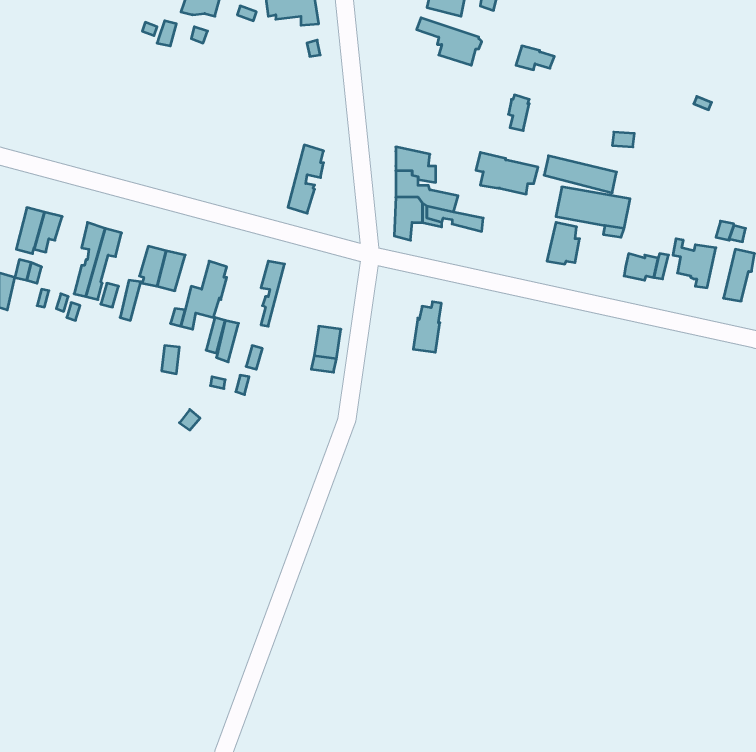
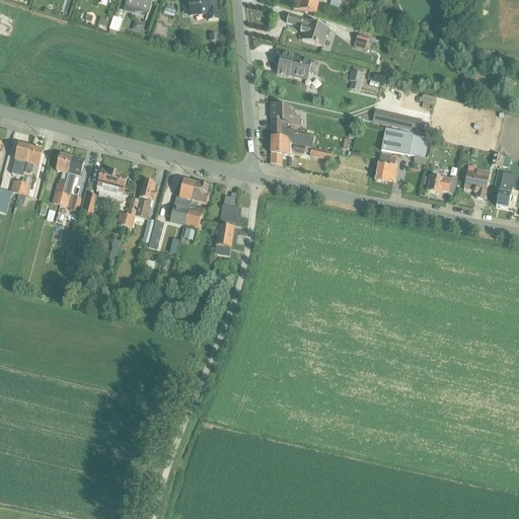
building: [288,145,324,213] -> [183,180,208,227]
building: [476,152,538,194] -> [273,50,315,78]
building: [413,302,441,352] -> [218,191,237,225]

